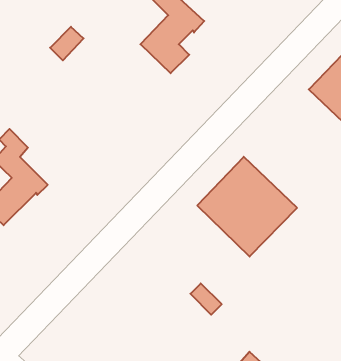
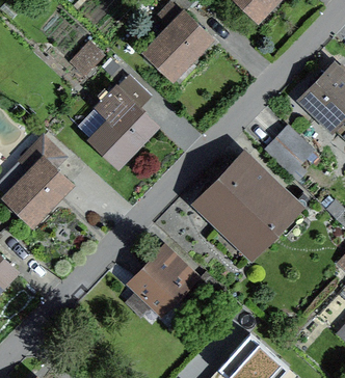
building: none -> [90,77,154,163]
building: none -> [267,130,311,173]
building: none -> [133,251,192,310]

